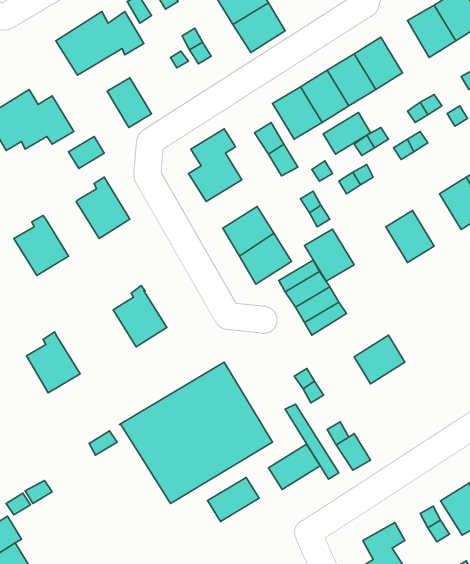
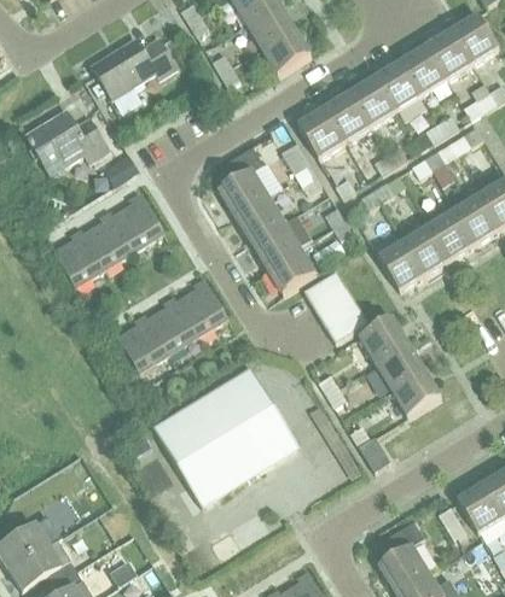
building: none -> [400,45,446,94]
building: [107,78,152,127] -> none
building: [323,112,371,154] -> none
building: none -> [234,195,283,241]
building: none -> [430,209,476,258]
building: none -> [82,210,133,268]
building: [304,229,354,281] -> [378,240,425,289]
building: none -> [175,279,226,335]
building: none -> [358,316,407,363]
building: [27,332,80,393] -> [117,314,168,371]
building: none -> [390,368,439,414]
building: [268,444,320,489] -> none
building: [208,477,259,521] -> none

